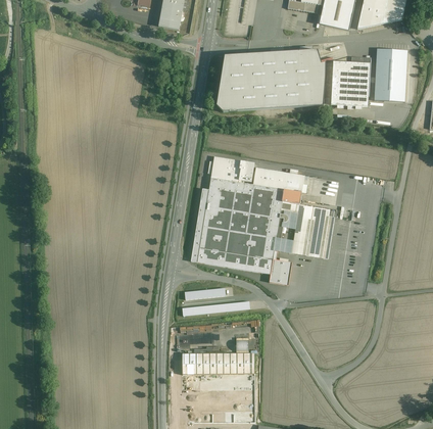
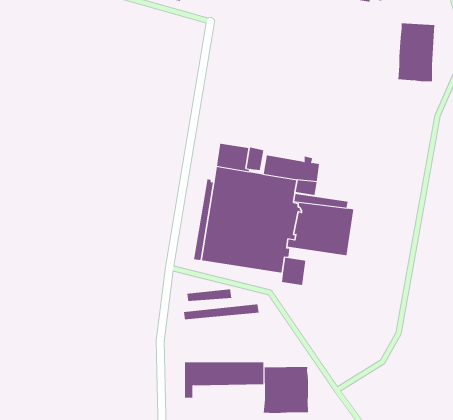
building: [216,45,326,111] -> none
building: [331,60,370,106] -> none
building: none -> [263,366,309,414]

